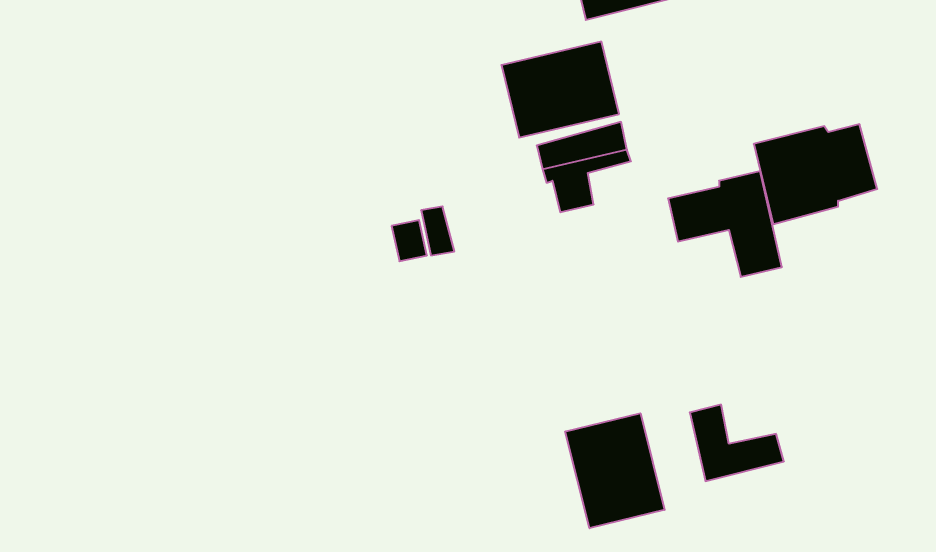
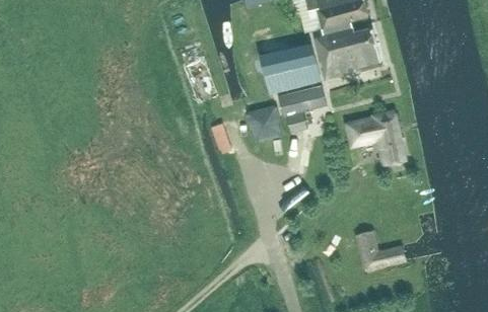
building: [754,124,877,224] -> [317,27,380,79]
building: none -> [243,109,274,145]
building: [565,413,665,528] -> none

